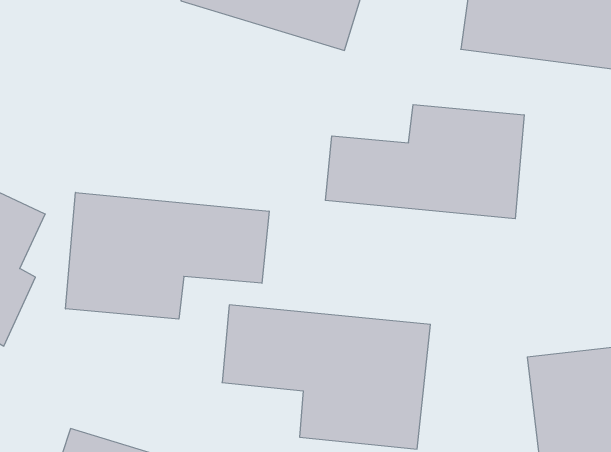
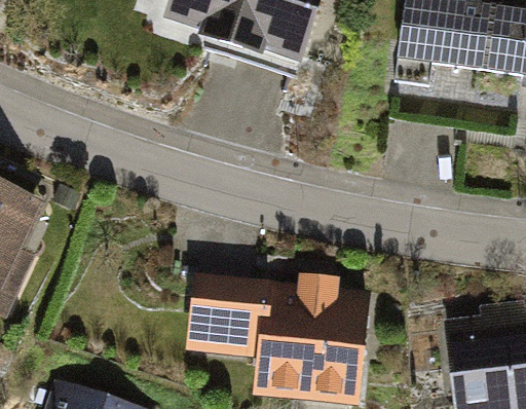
building: [325,105,524,219] -> none
building: [66,192,269,319] -> none

